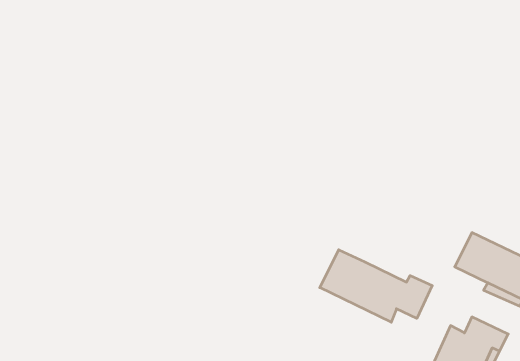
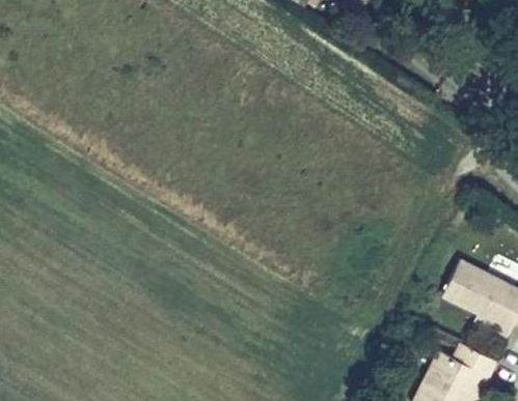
building: [320,250,432,322] -> none

